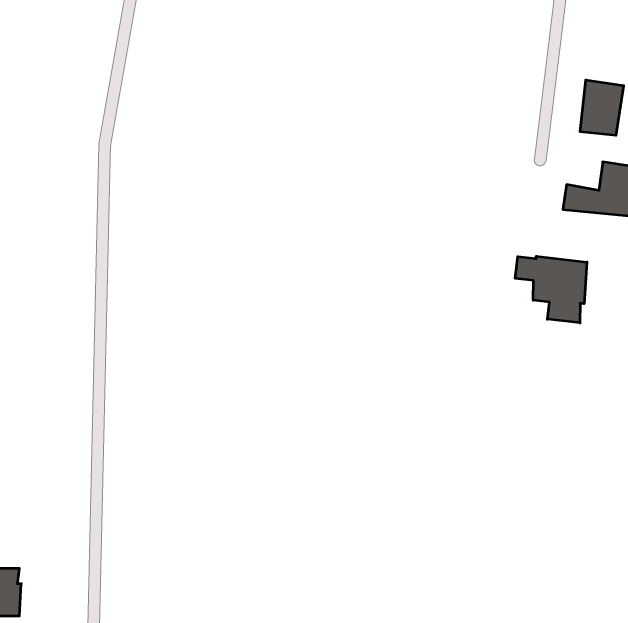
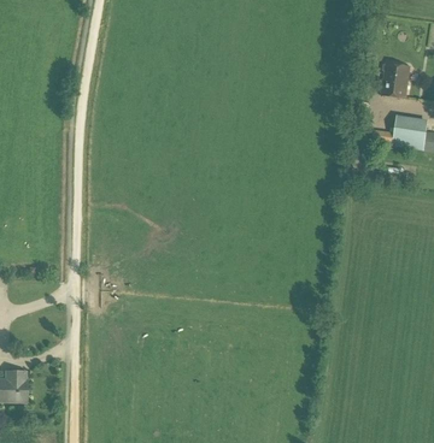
building: [515,256,587,323] -> none

